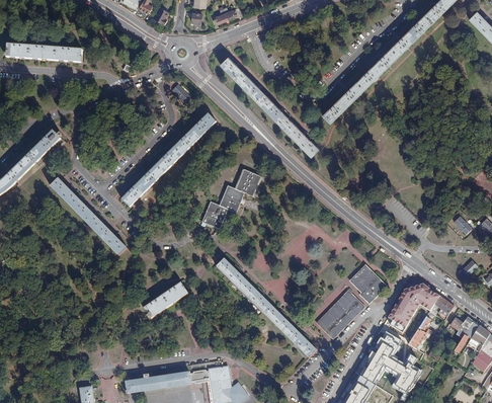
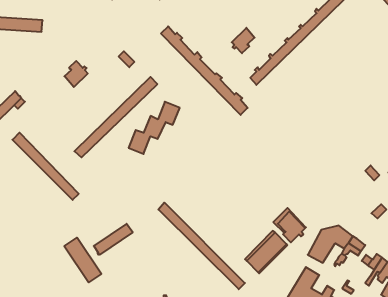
building: none -> [232,28,255,53]
building: none -> [64,61,88,87]
building: [201,169,260,229] -> [129,102,180,154]
building: none -> [64,238,101,282]

